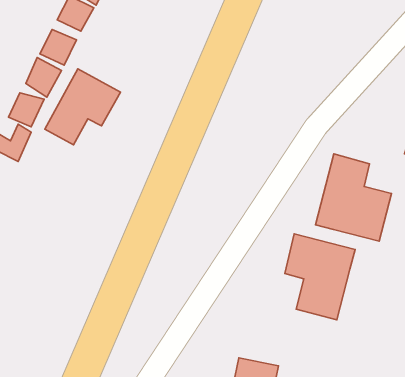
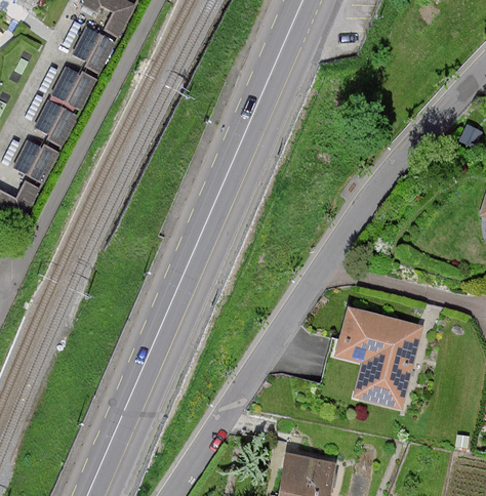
building: [45,69,121,145] -> none
building: [316,154,391,241] -> none

